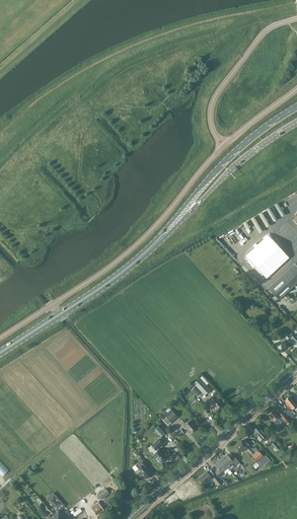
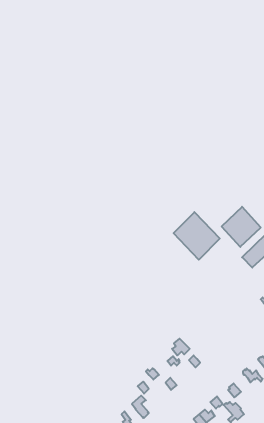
building: none -> [174,212,220,260]

